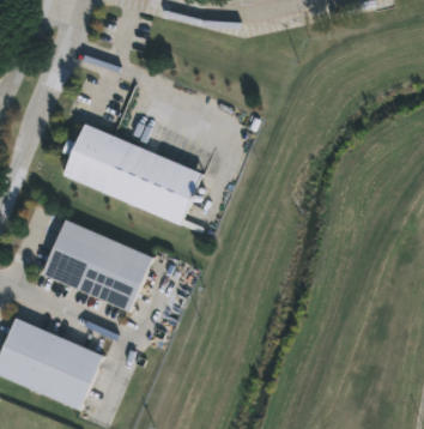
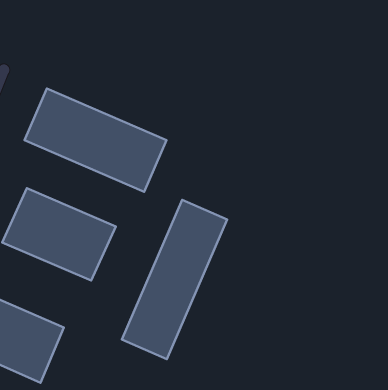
building: none -> [122,200,227,359]

